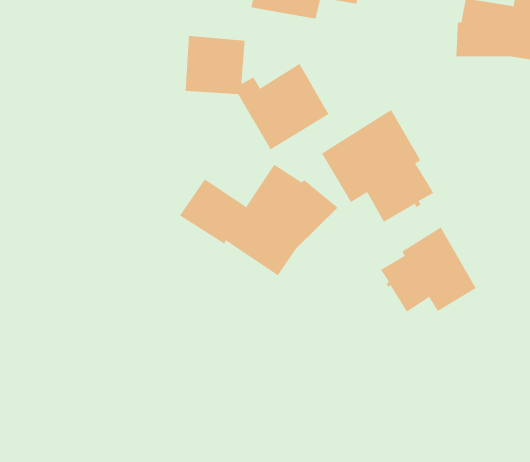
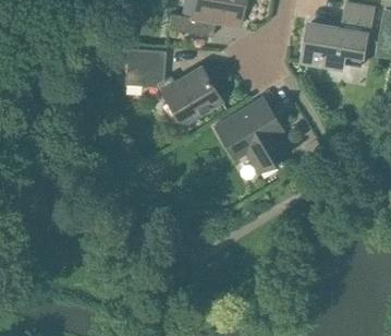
building: [179,164,338,276] -> none
building: [380,226,477,312] -> none

